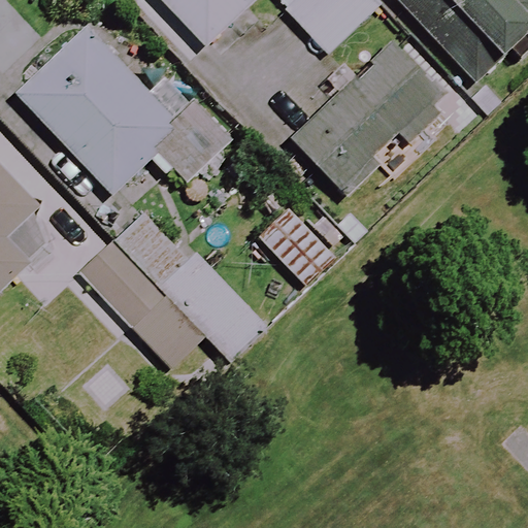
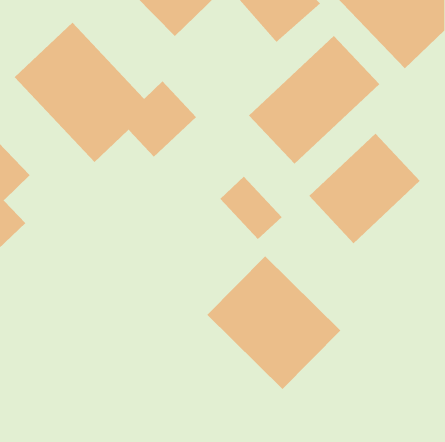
building: none -> [308,133,421,244]
building: [80,241,265,365] -> none
building: none -> [206,255,341,390]

